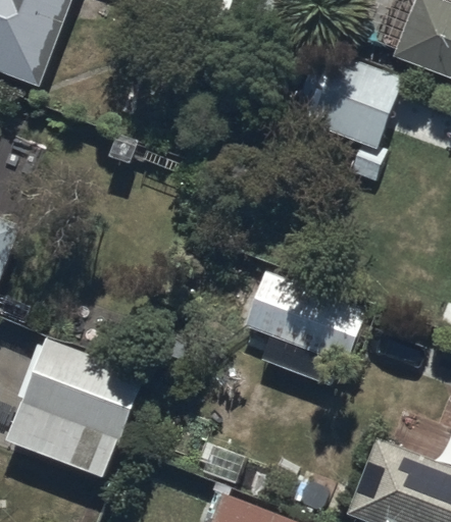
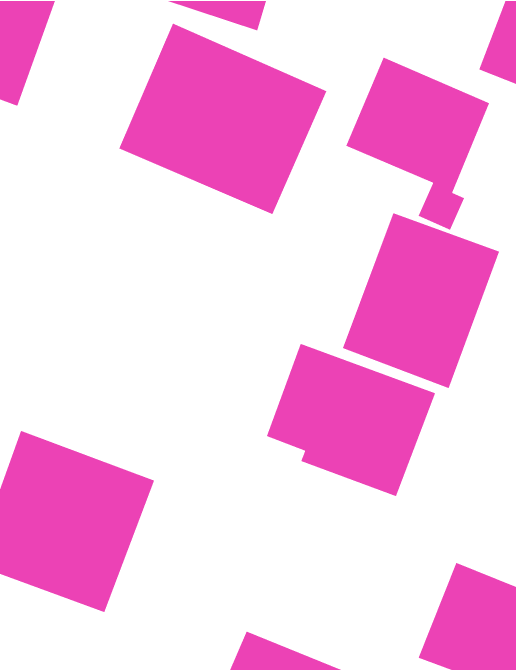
building: none -> [118,23,328,215]
building: none -> [342,212,500,389]

